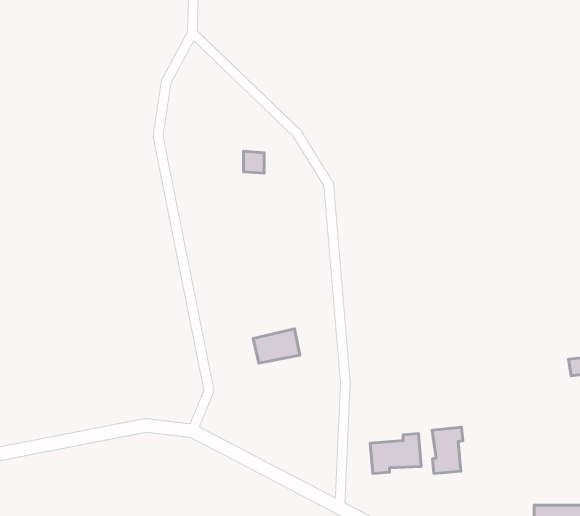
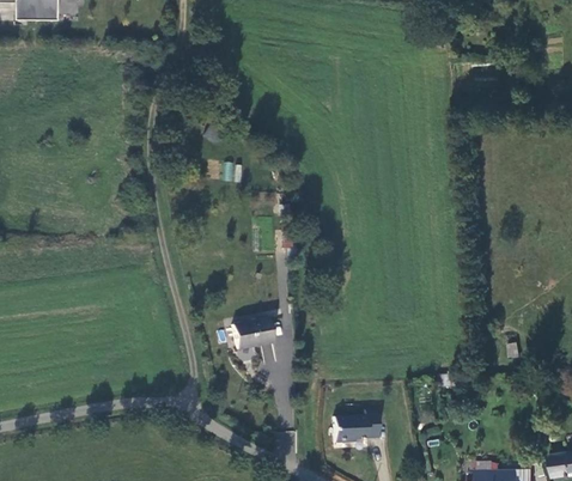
building: [432,427,463,474] -> none

